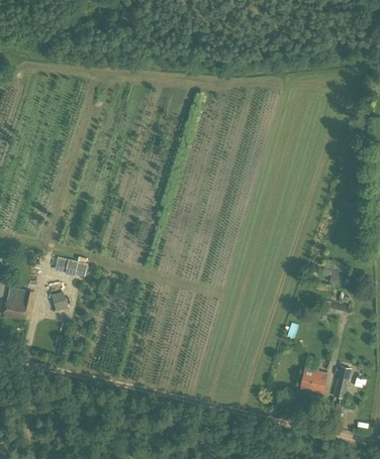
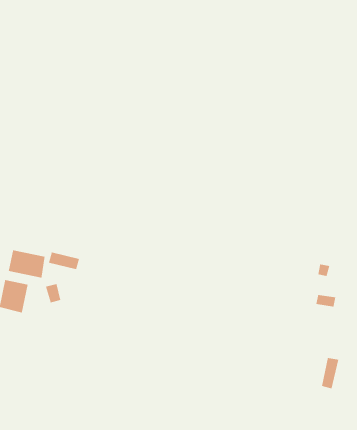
building: none -> [8,250,45,279]
building: [300,368,326,392] -> none

